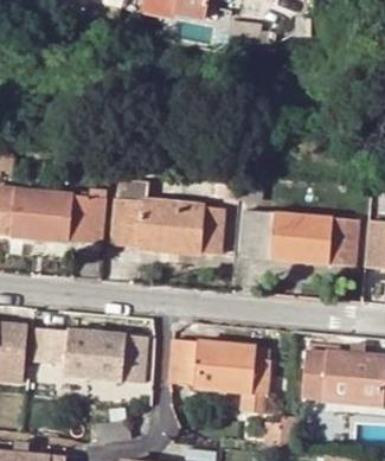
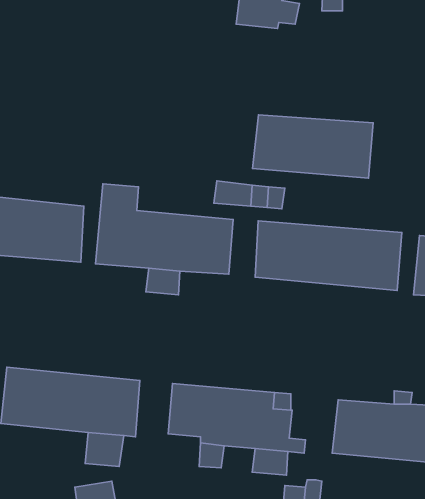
building: none -> [253,115,373,178]

